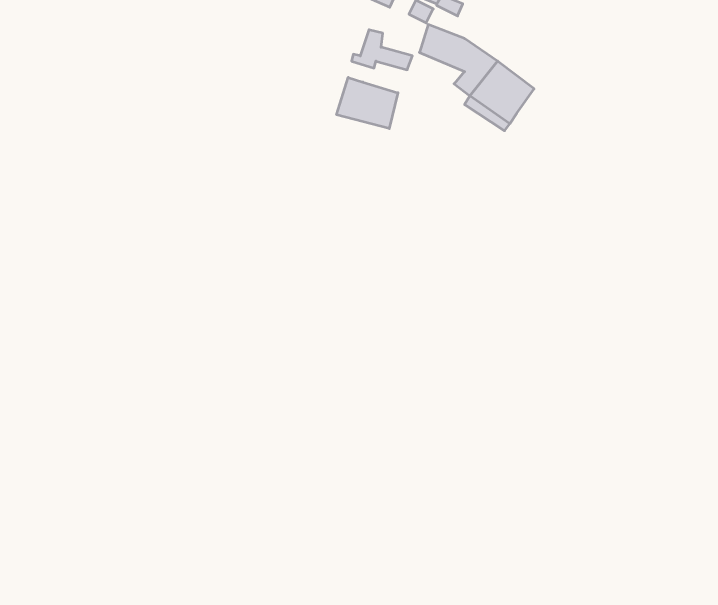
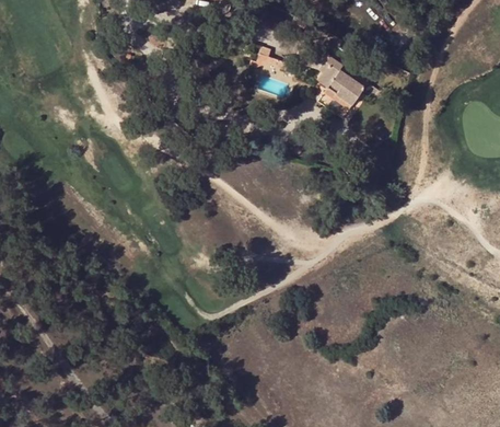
building: [337,77,398,129] -> none

